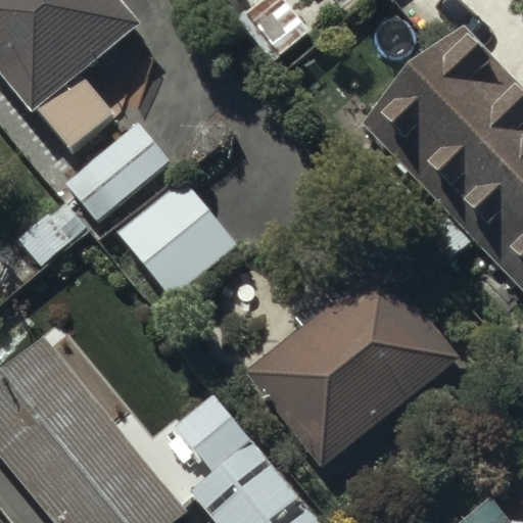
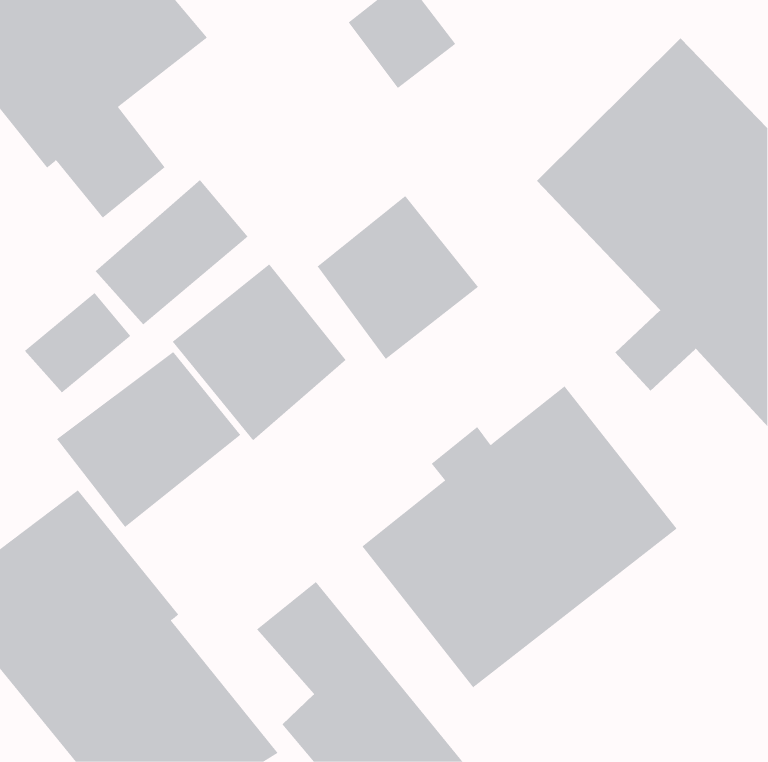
building: none -> [317,195,479,360]
building: none -> [56,351,241,528]

